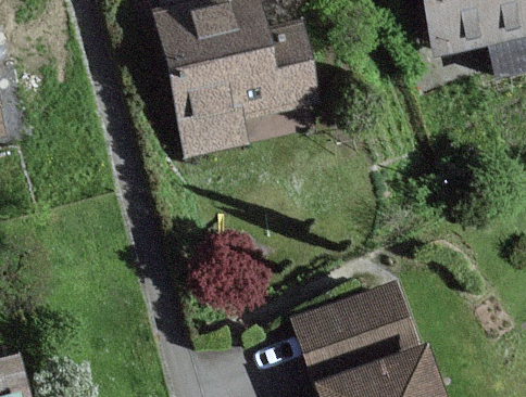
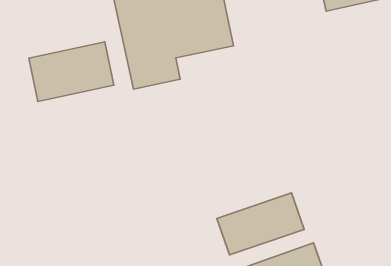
building: none -> [29,42,114,102]

